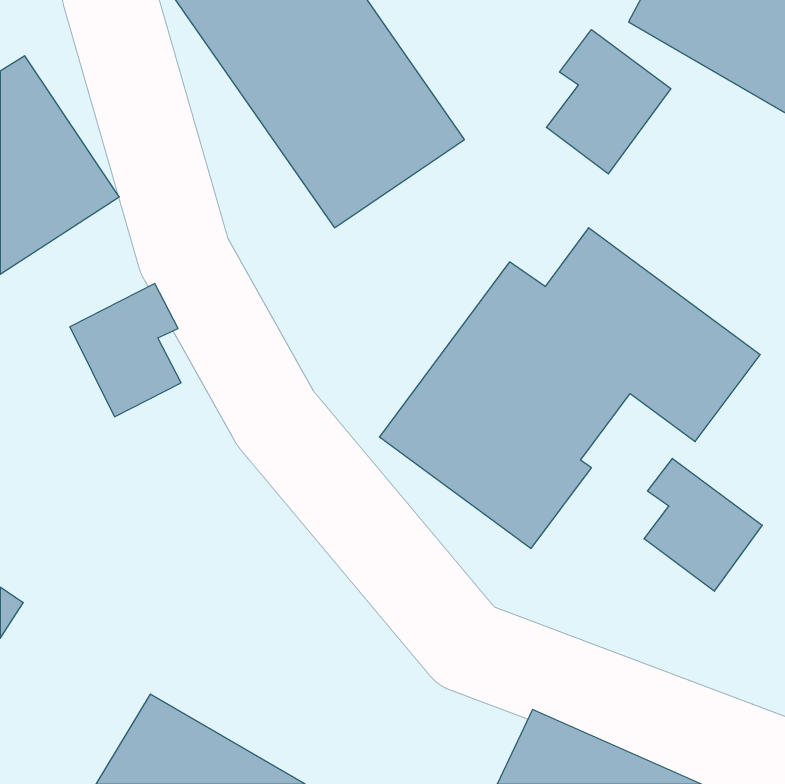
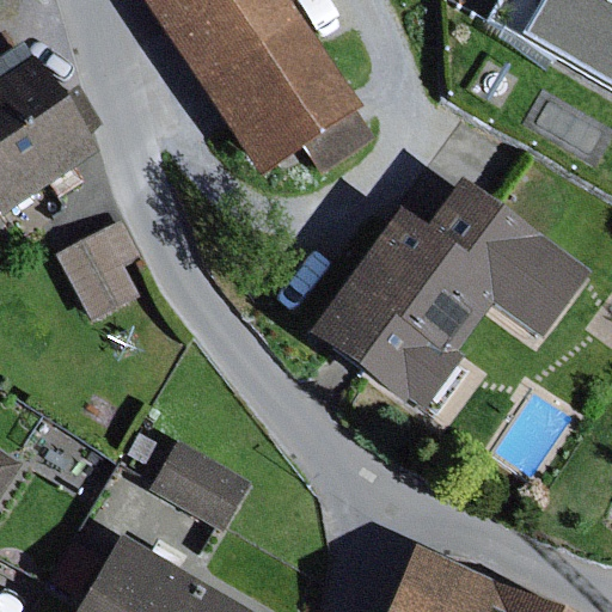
building: [546,30,671,174] -> none
building: [644,458,762,591] -> none
building: none -> [152,439,253,531]

